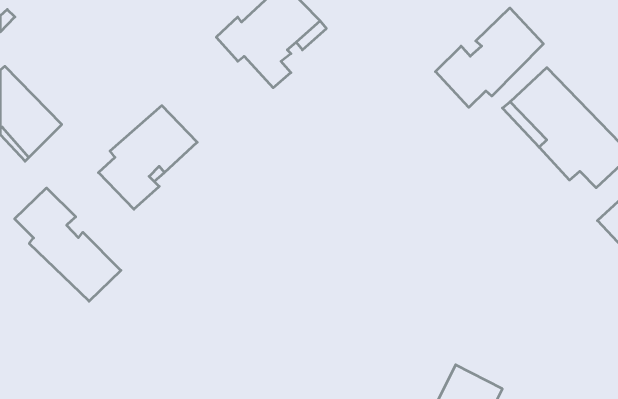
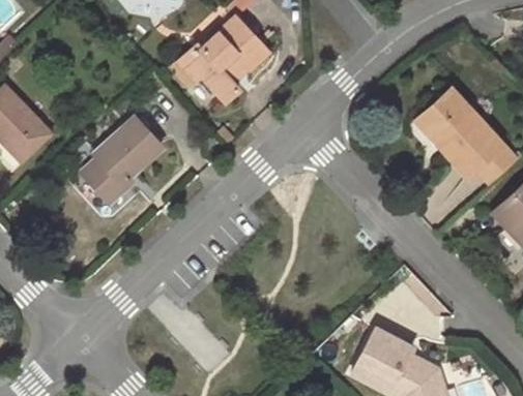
building: [435,8,543,107] -> none
building: [15,188,121,301] -> none

